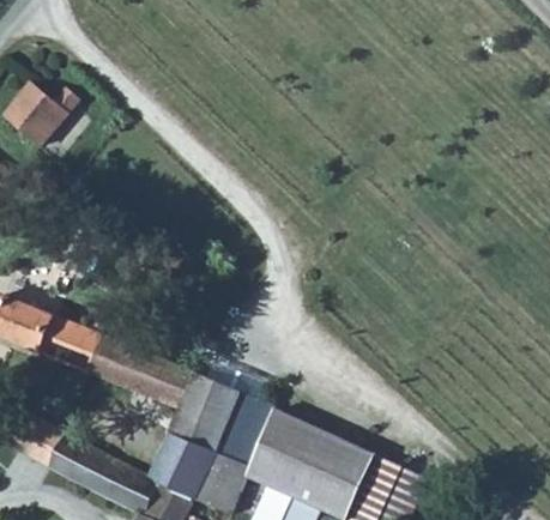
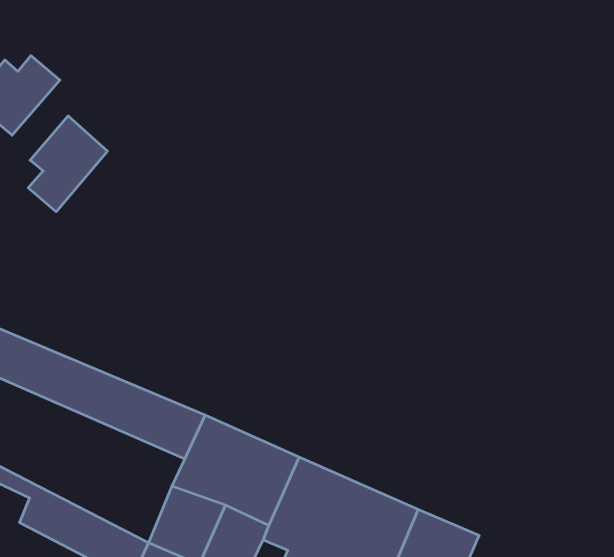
building: none -> [28,116,107,212]

